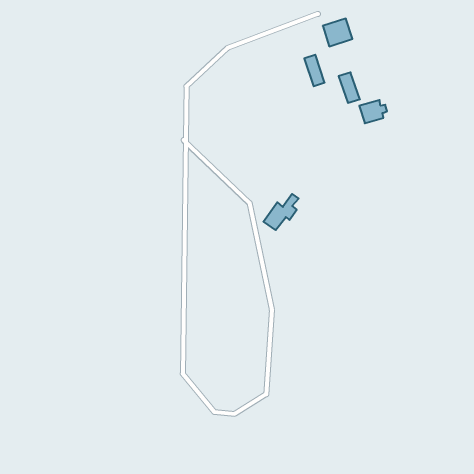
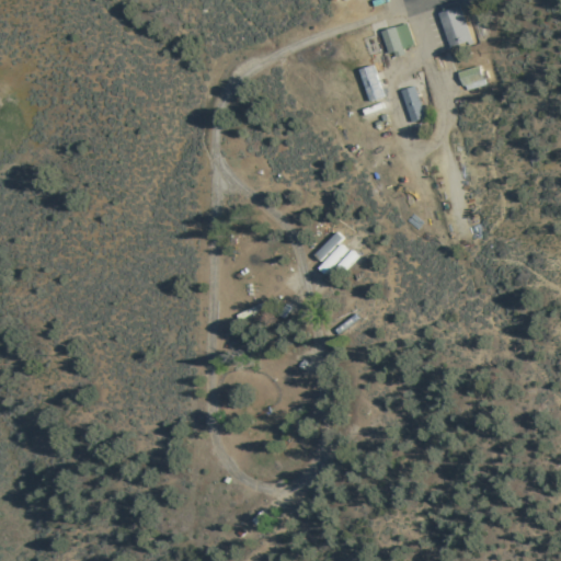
building: none -> [437,4,471,47]
building: [359,100,387,123] -> [457,66,490,93]

